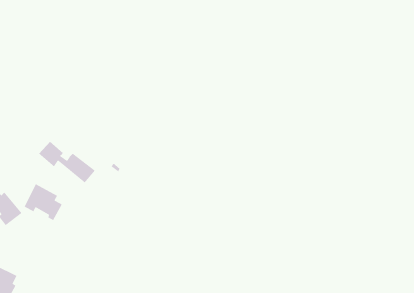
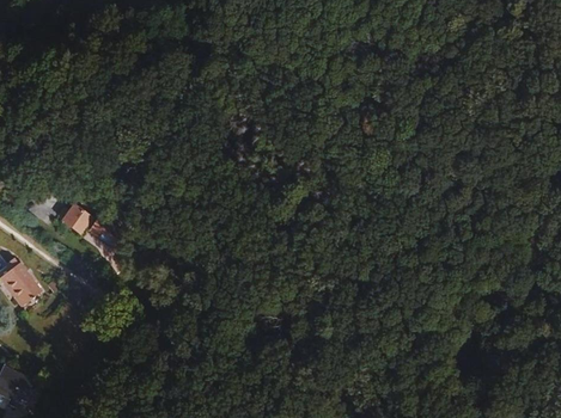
building: [24,183,63,221] -> none

